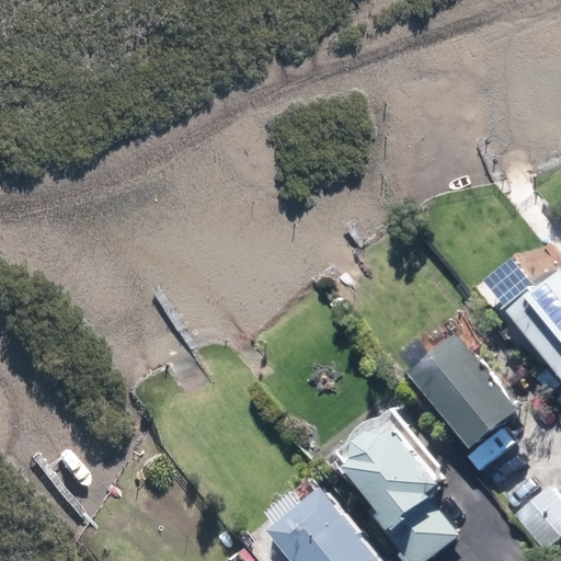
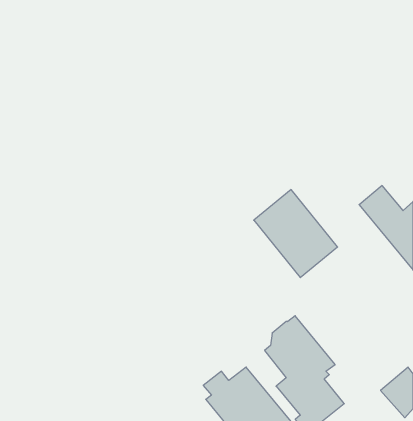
building: [411,334,522,450] -> [254,190,338,278]

